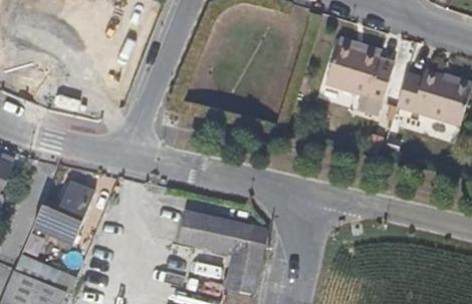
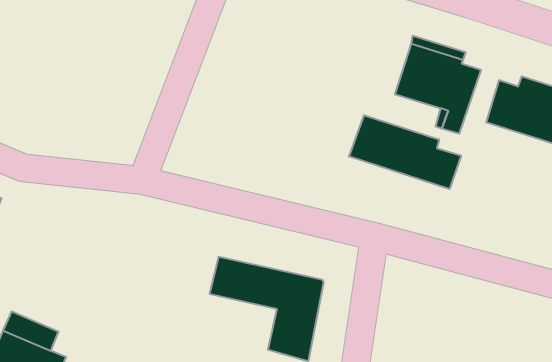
building: none -> [349,115,461,189]
building: [32,182,94,246] -> none

